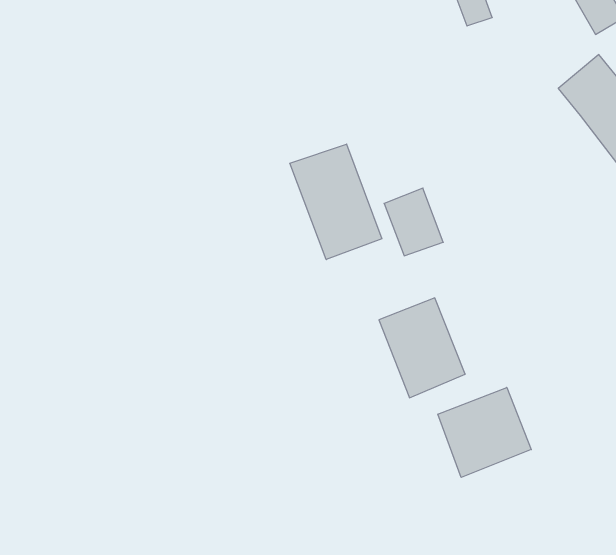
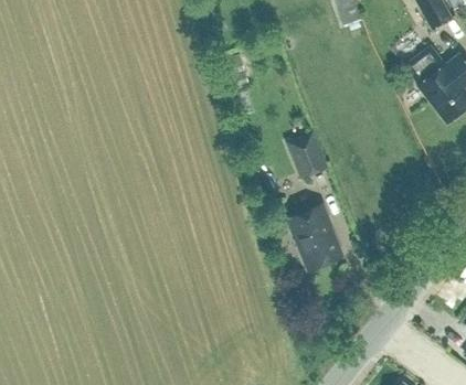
building: [290,144,382,260] -> none
building: [438,387,531,477] -> none

